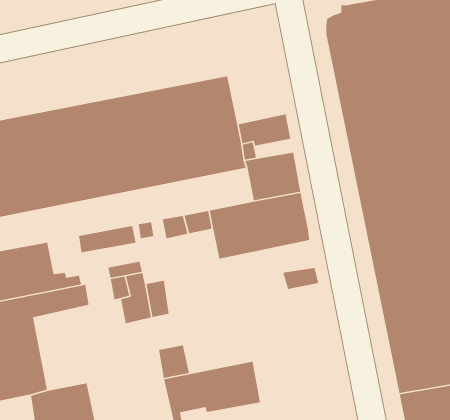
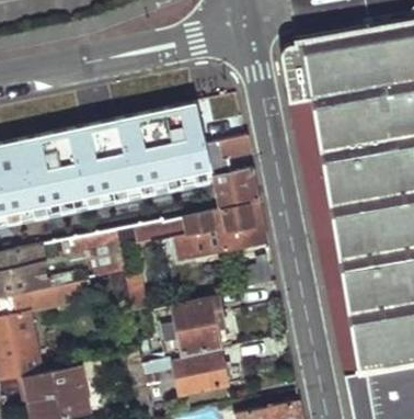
building: none -> [165,295,226,351]

